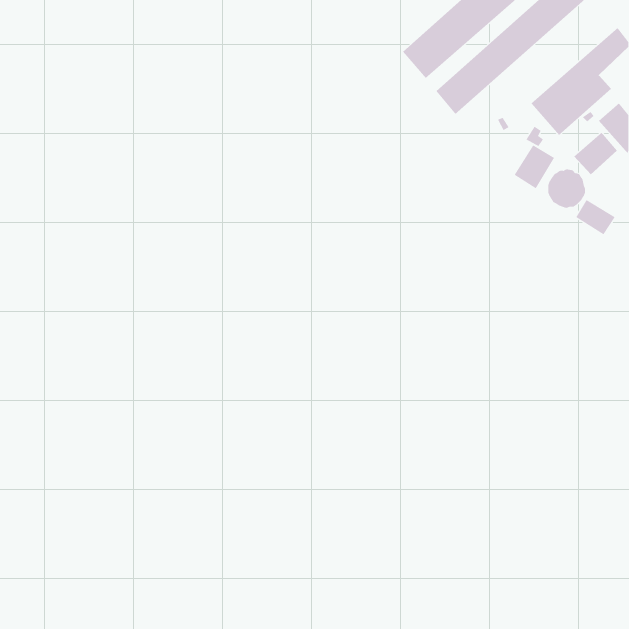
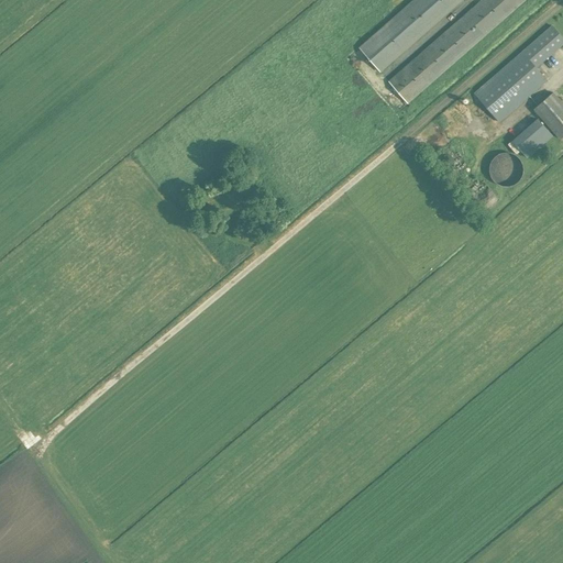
building: [514,145,555,189] -> none
building: [575,199,616,235] -> none

